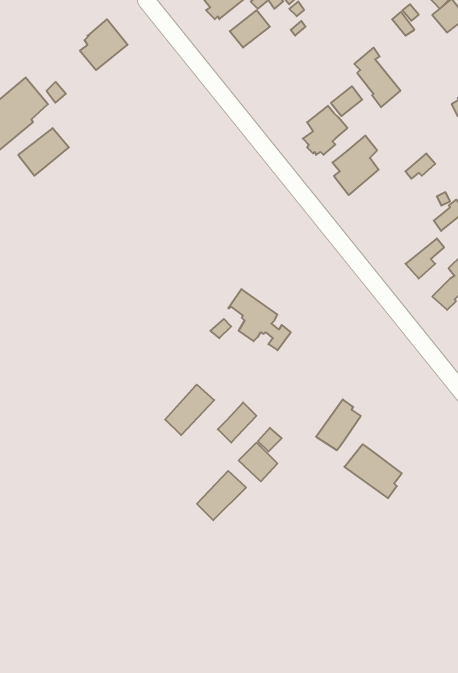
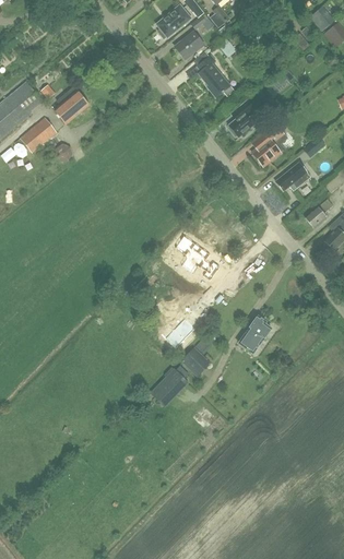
building: [80,19,128,70] -> [54,86,88,123]
building: [354,48,400,107] -> [197,53,230,97]
building: none -> [274,160,310,190]
building: [165,385,214,435] -> none
building: [344,444,402,498] -> none

